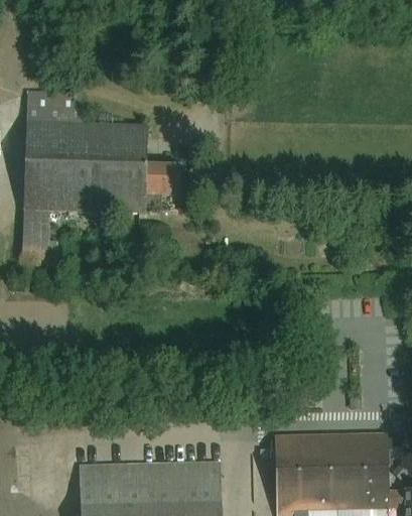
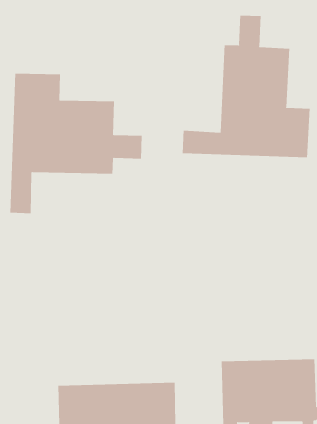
building: none -> [182,15,310,158]

